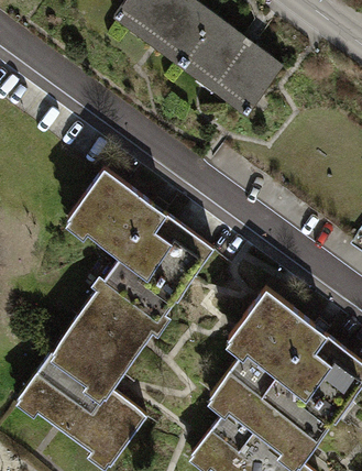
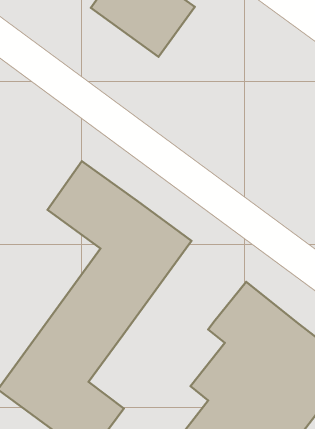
building: [179,18,283,116] -> none

